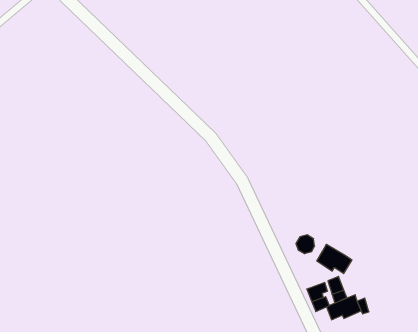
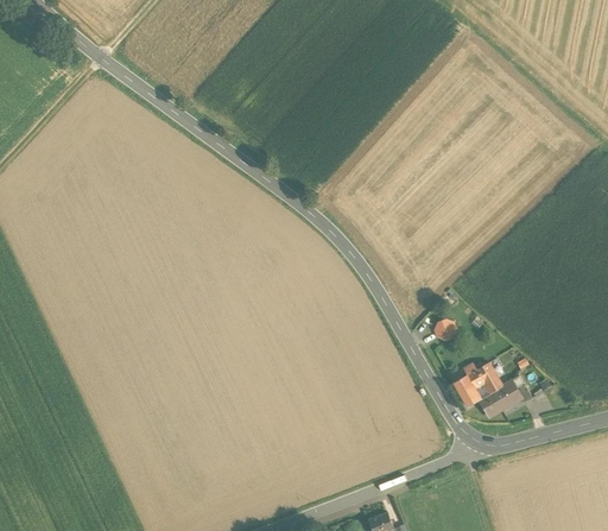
building: [317,244,352,274] -> none

